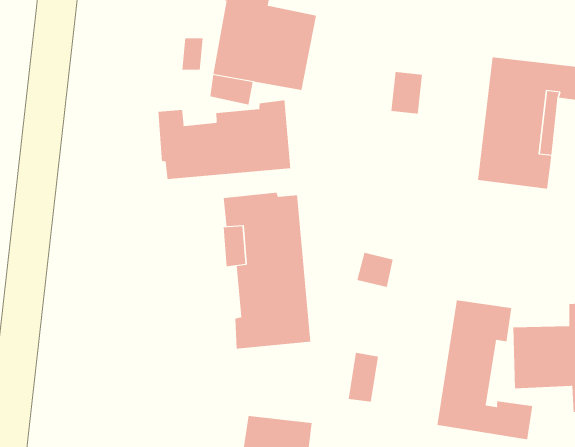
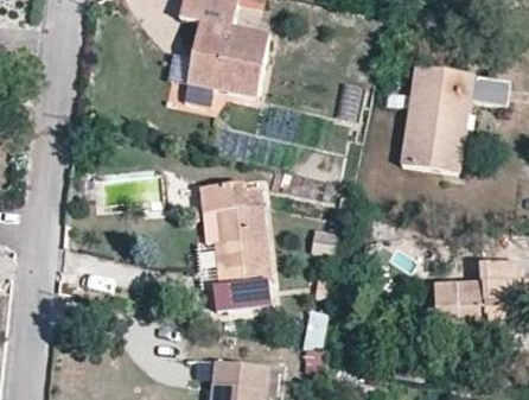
building: [158,99,291,180] -> none
building: [437,299,533,440] -> none

